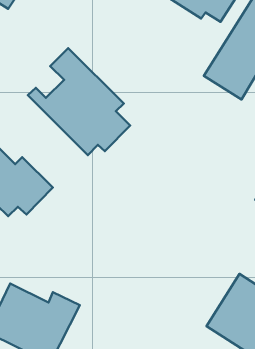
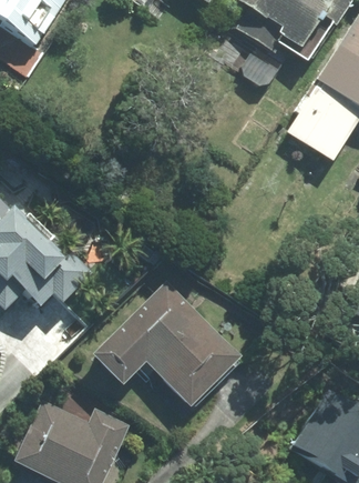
building: [28,48,130,155] -> none
building: none -> [91,278,240,405]

